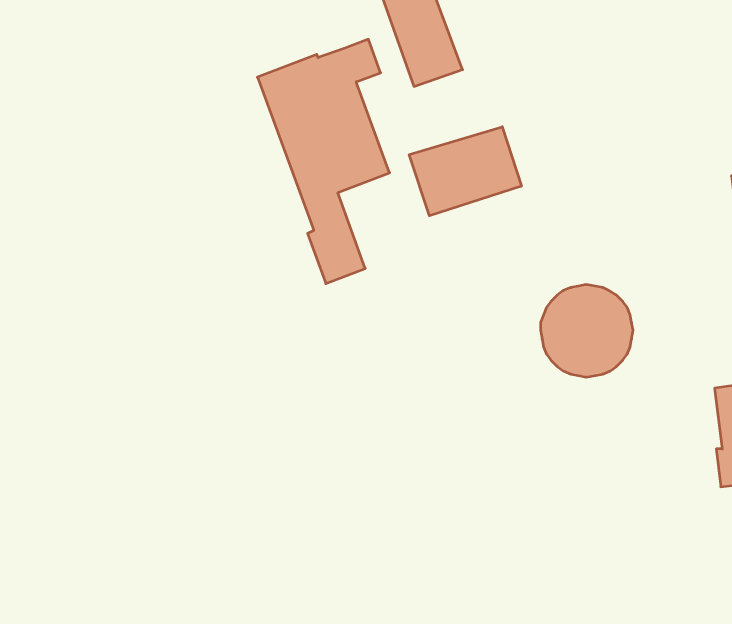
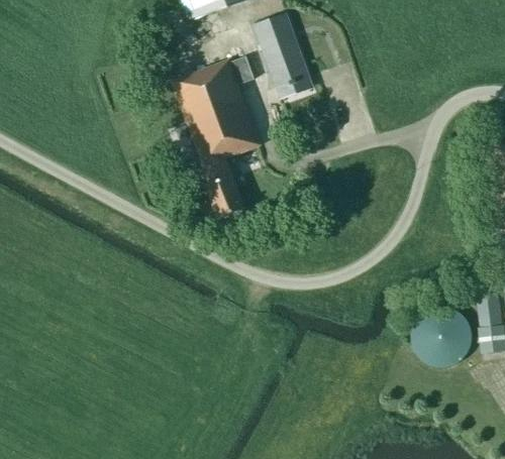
building: [409,127,521,216] -> none
building: [541,285,633,377] -> [411,306,473,367]

